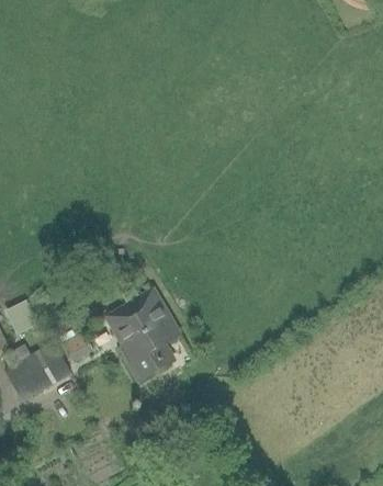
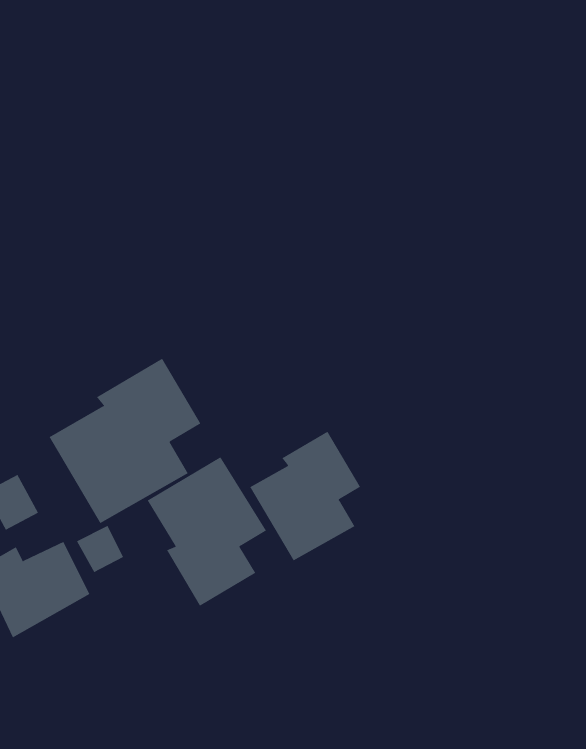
building: none -> [49,358,201,524]
building: none -> [249,431,361,561]

